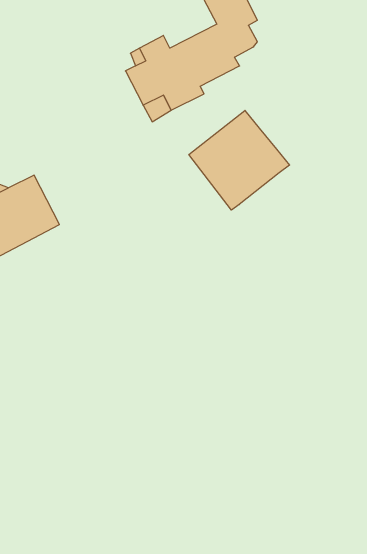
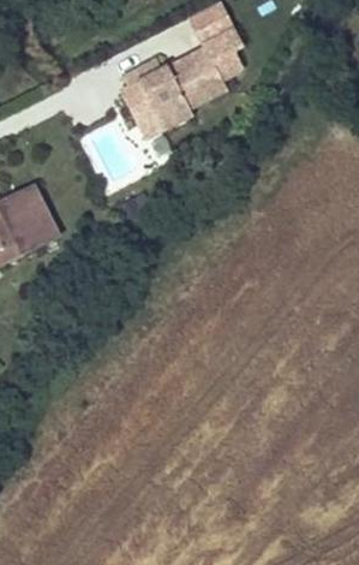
building: [189,110,290,210] -> none

